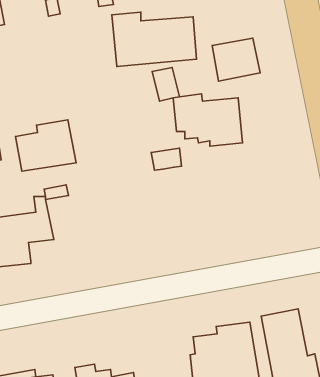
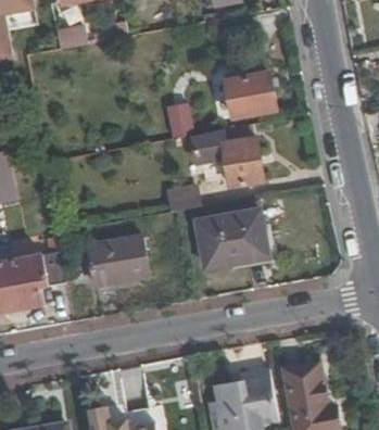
building: [112,12,197,67] -> none
building: [15,120,76,171] -> [88,229,151,282]
building: none -> [197,206,266,267]

